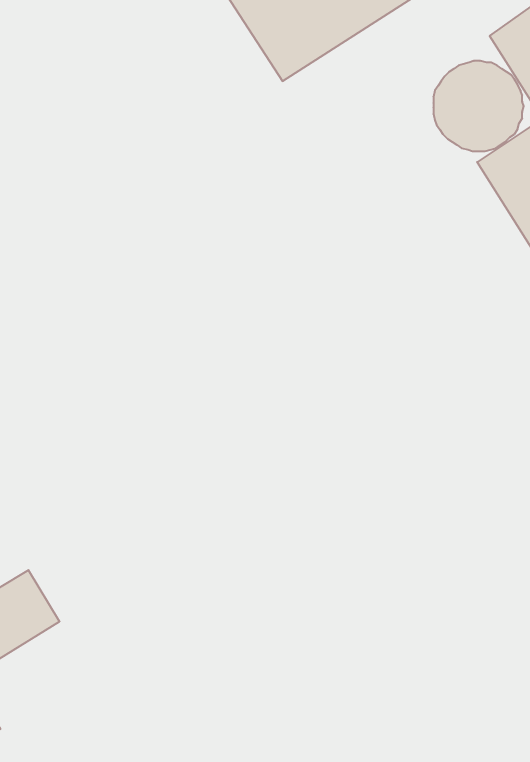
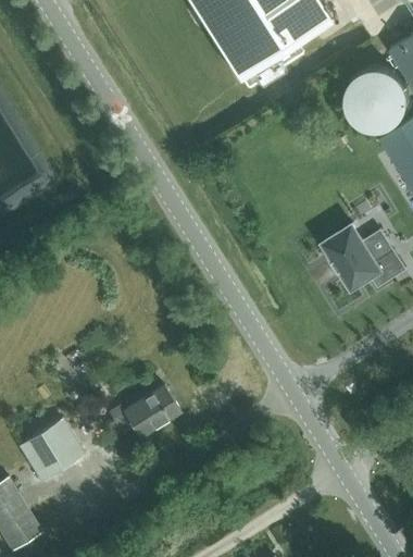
building: none -> [323,224,406,287]
building: none -> [108,385,180,437]

